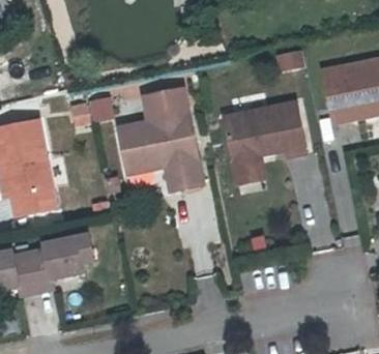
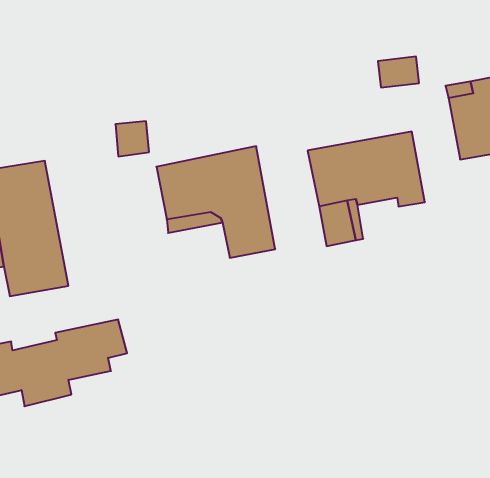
building: [147,87,187,119] -> none

